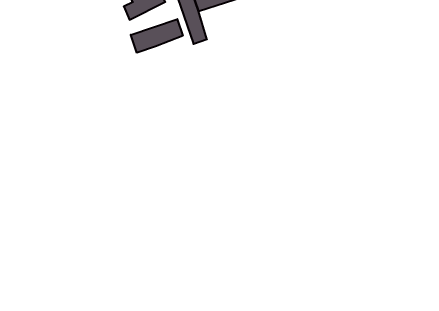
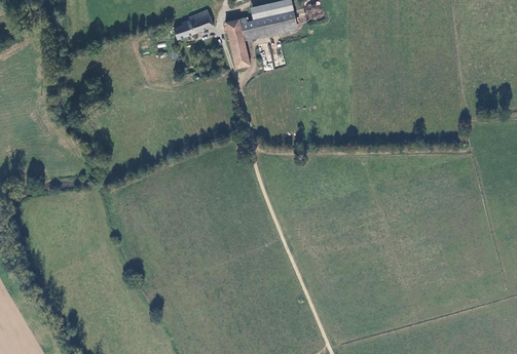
building: [131,19,183,53] -> none

